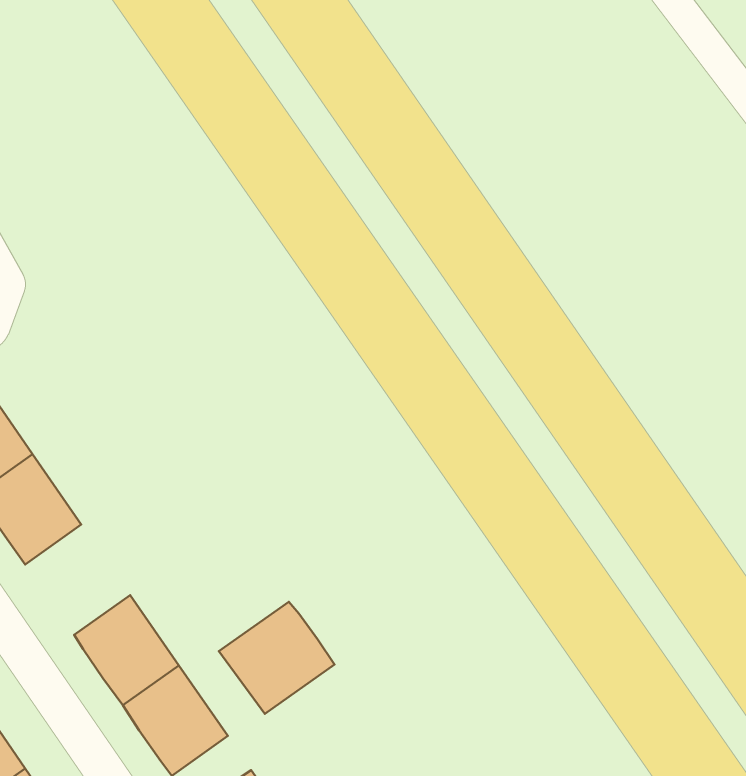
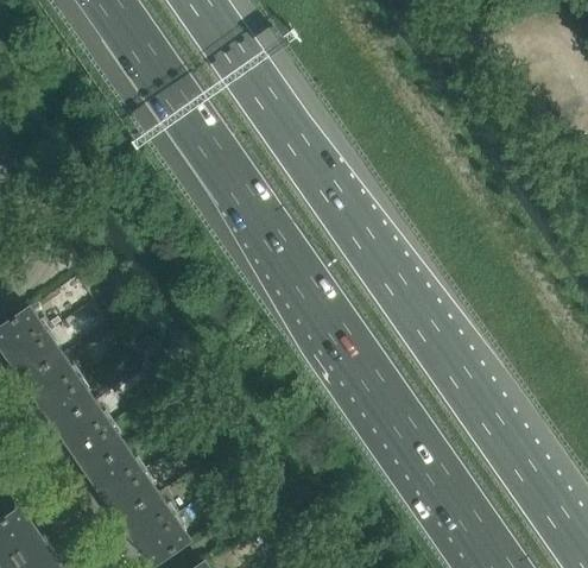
building: none -> [57,400,126,473]
building: [219,602,335,714] -> none

